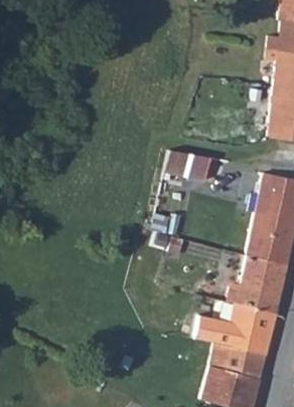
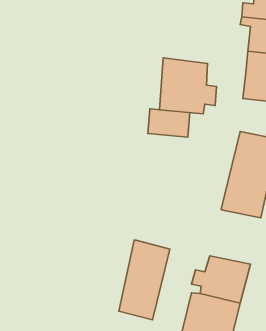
building: none -> [159,58,217,114]
building: [233,255,287,313] -> none
building: none -> [119,240,170,320]

